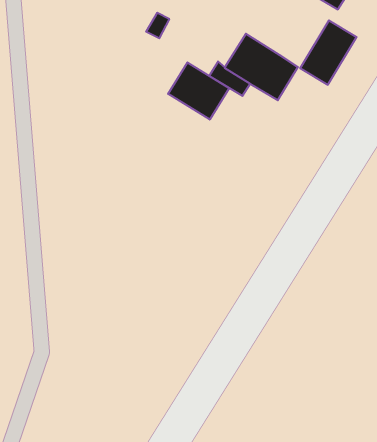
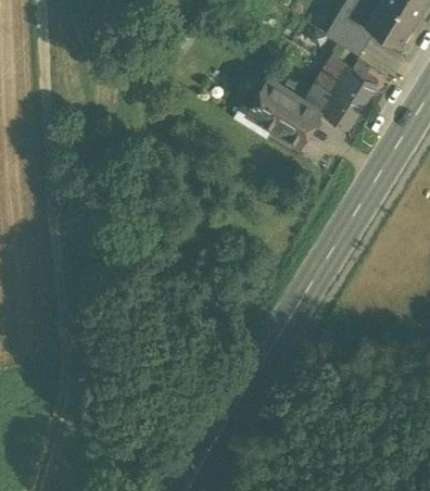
building: none -> [303,52,352,111]
building: [168,62,229,120] -> none

